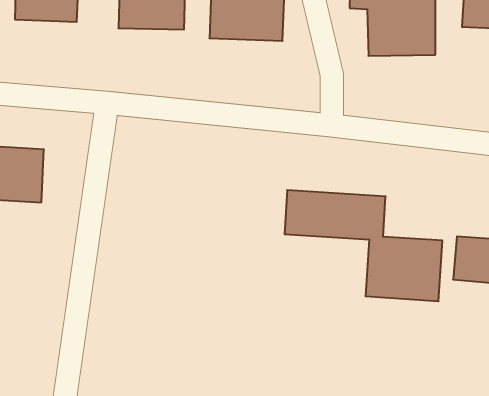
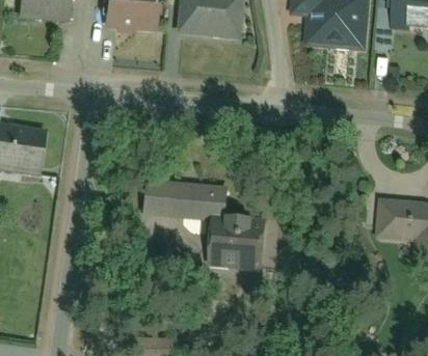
building: [285,190,442,301] -> [140,175,270,267]

